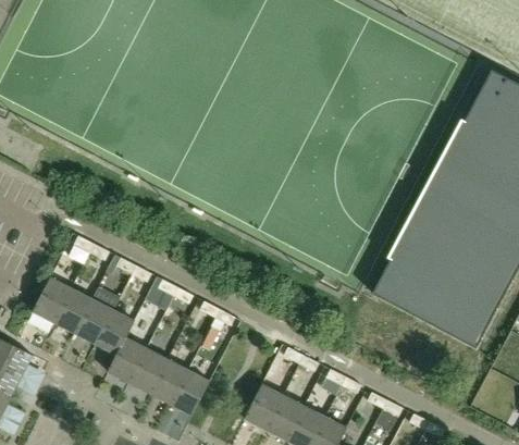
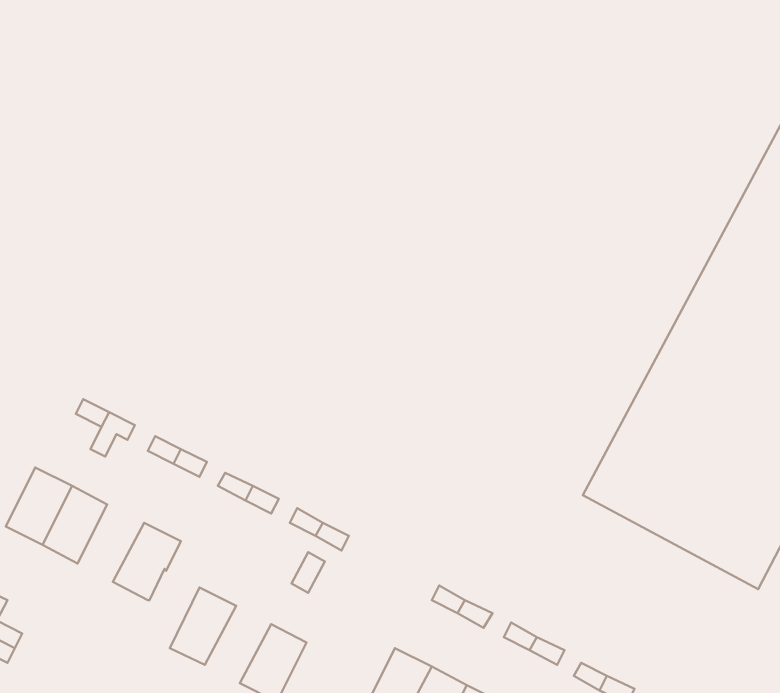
building: [74,298,113,344] -> none
building: [107,336,146,383] -> none
building: [149,358,188,404] -> none

